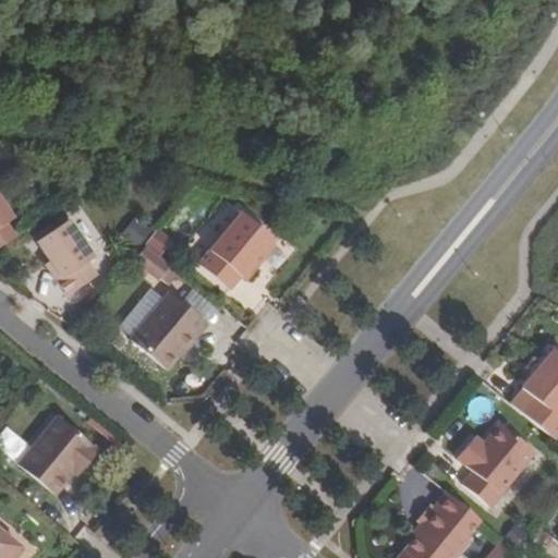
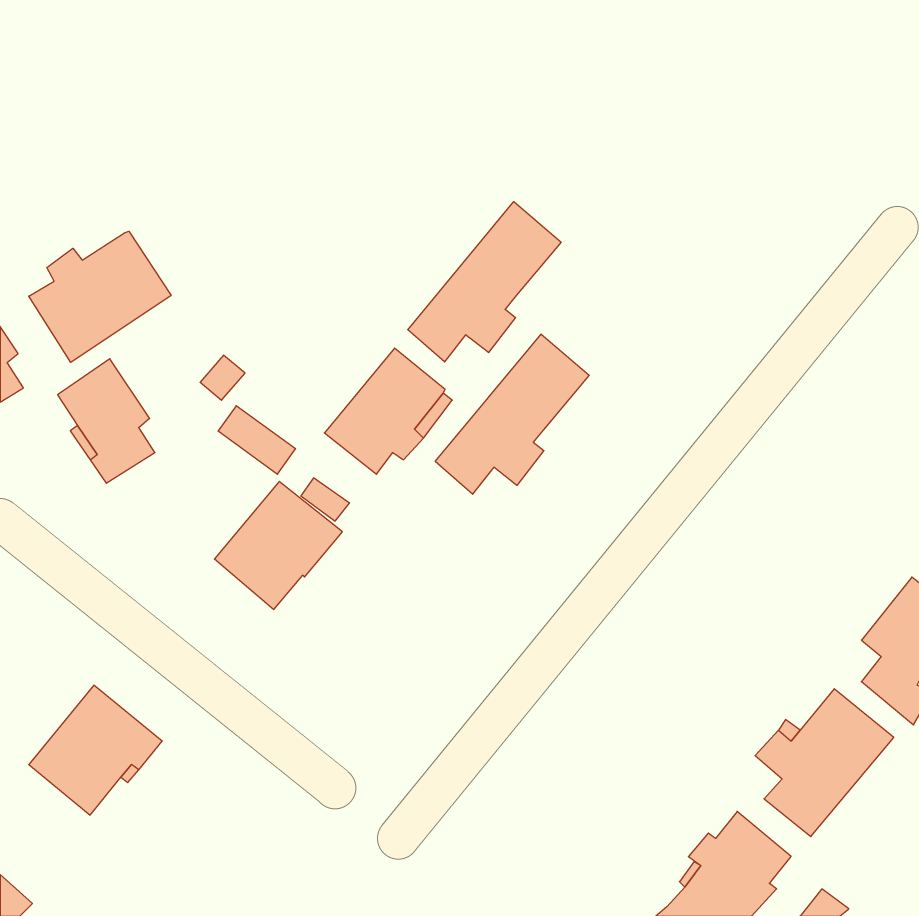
building: none -> [408,202,561,362]
building: none -> [29,231,171,362]
building: none -> [435,334,589,494]

